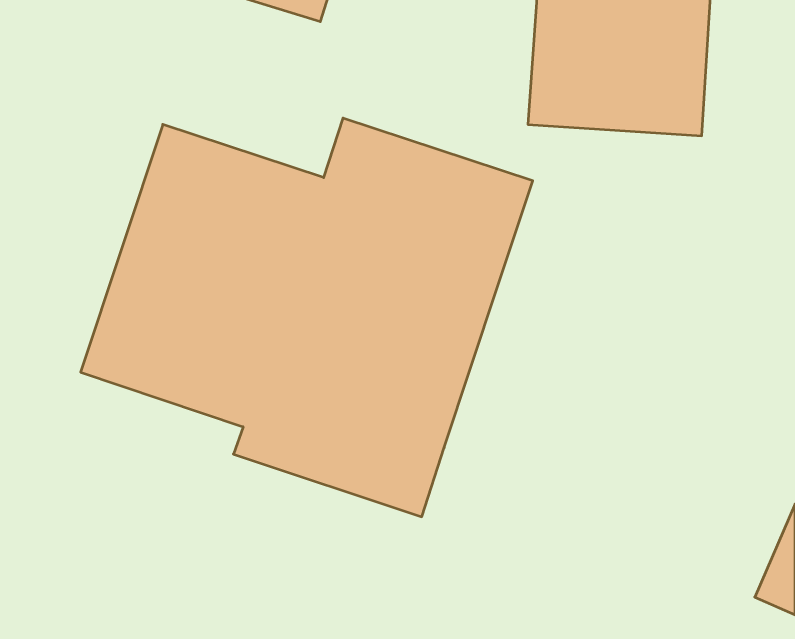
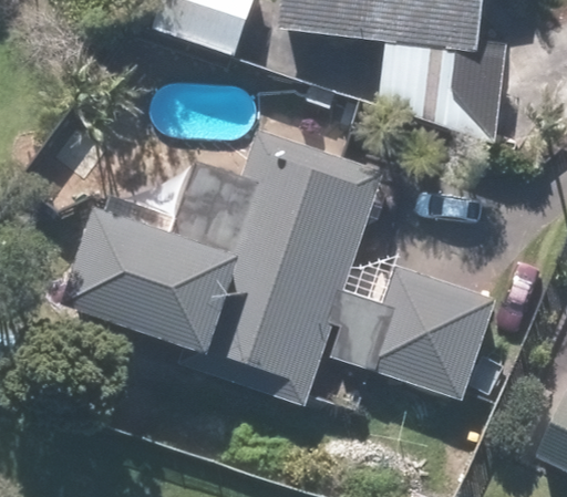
building: none -> [321,245,497,402]

